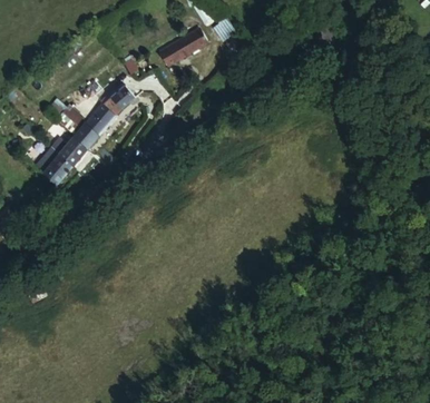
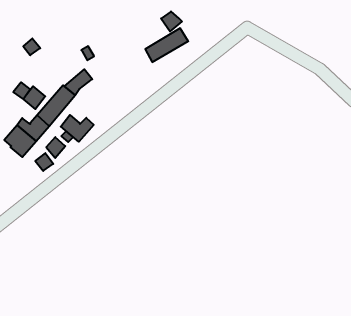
building: [160,30,208,68] -> [145,28,188,62]
building: none -> [61,115,94,142]

